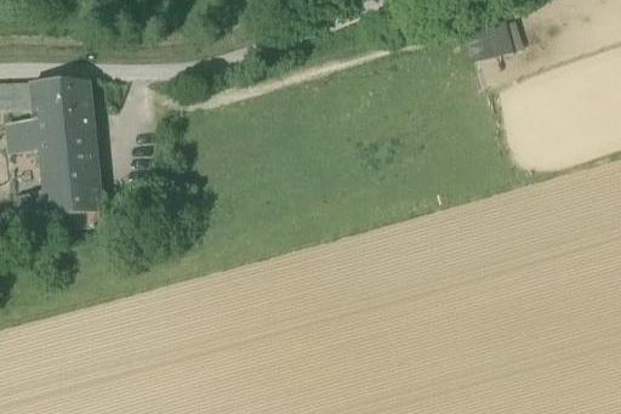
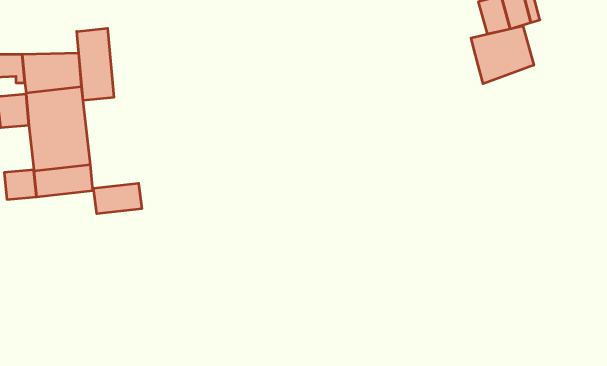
building: none -> [471,26,534,84]
building: none -> [77,28,114,101]
building: none -> [94,183,142,214]

